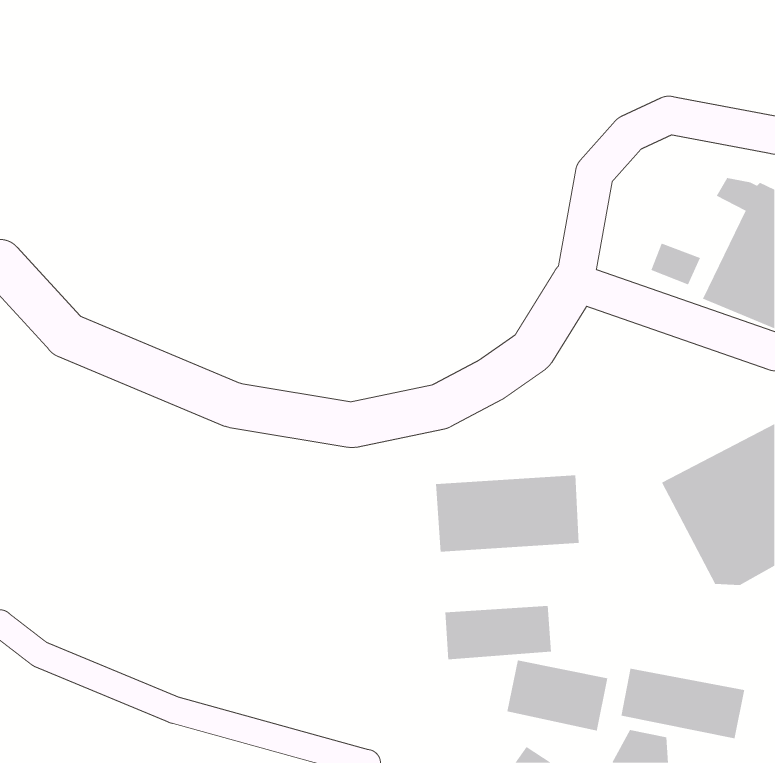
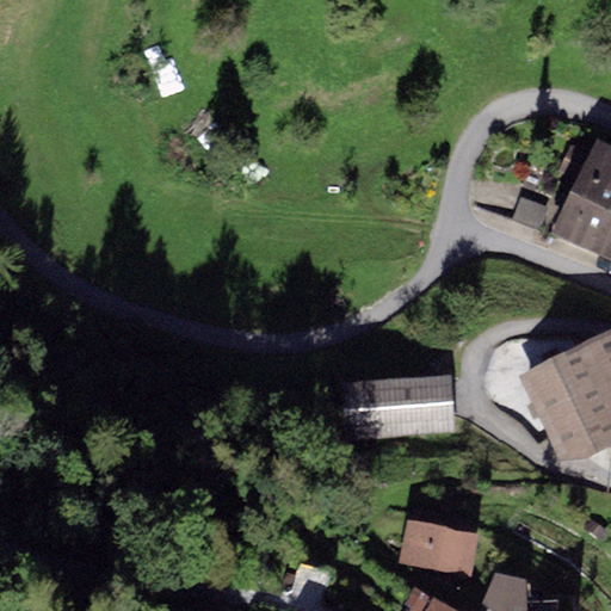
building: [445,605,551,660] -> none
building: [621,668,745,739] -> none

